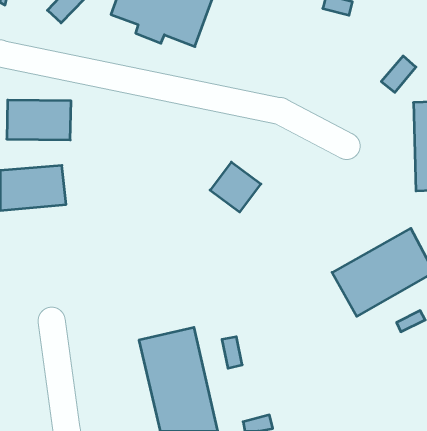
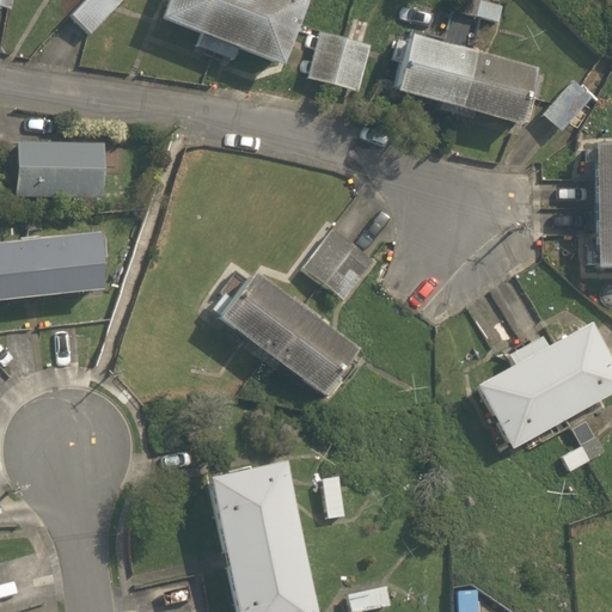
building: none -> [311,29,375,92]
building: none -> [396,33,537,124]
building: none -> [219,274,355,394]

